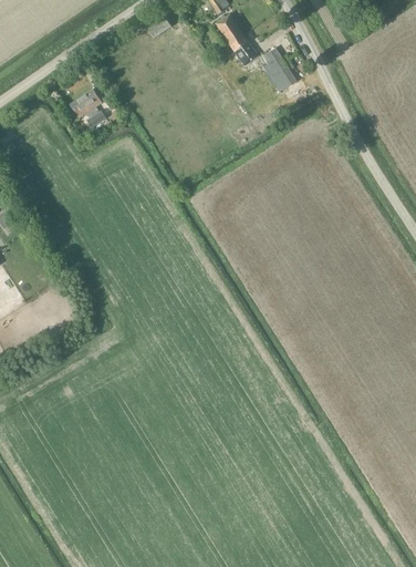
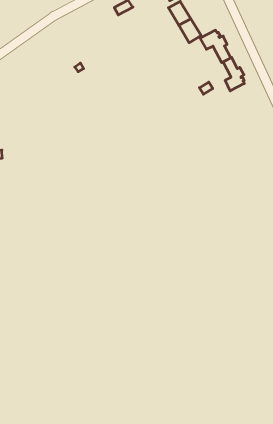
building: none -> [223,57,244,91]
building: [69,89,105,131] -> none

